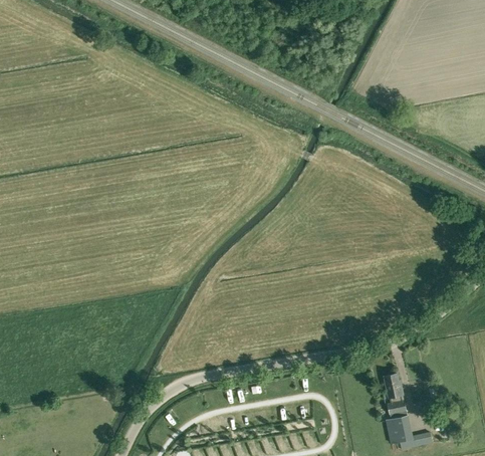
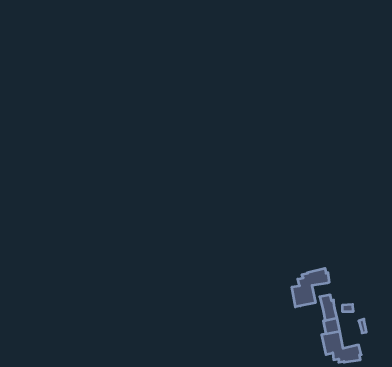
building: none -> [292,268,329,307]

